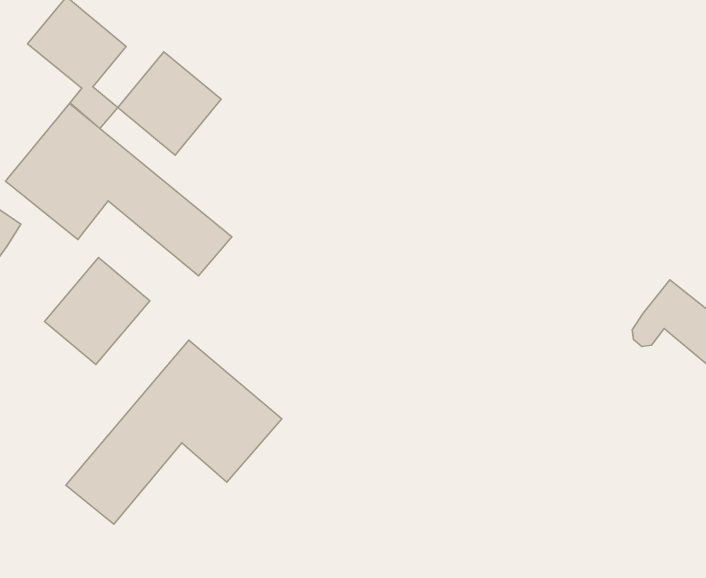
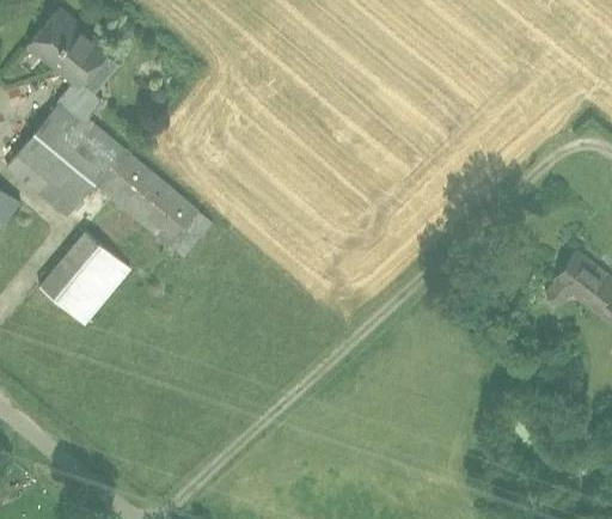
building: [118,52,221,155] -> none
building: [66,340,282,524] -> none

